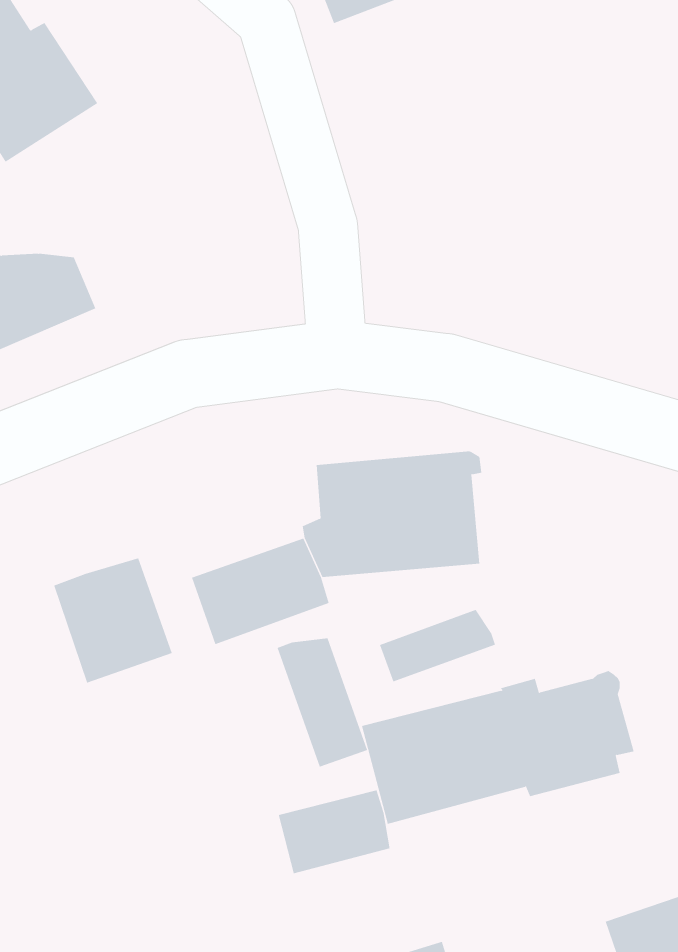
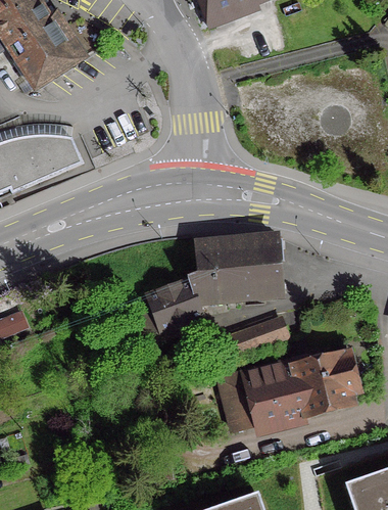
building: [54,558,173,684] -> none
building: [277,637,368,767] -> none
building: [278,789,390,874] -> none

